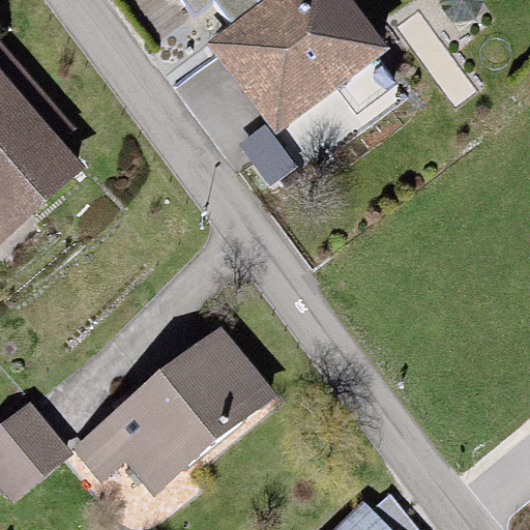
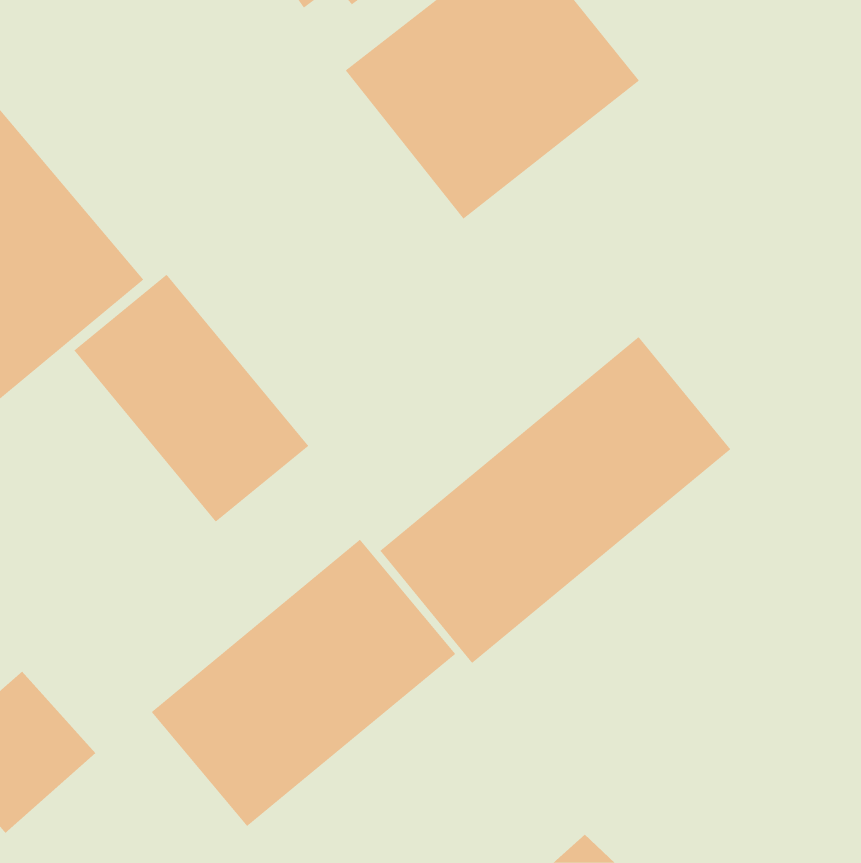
building: none -> [73,274,309,522]
building: none -> [380,336,731,664]

